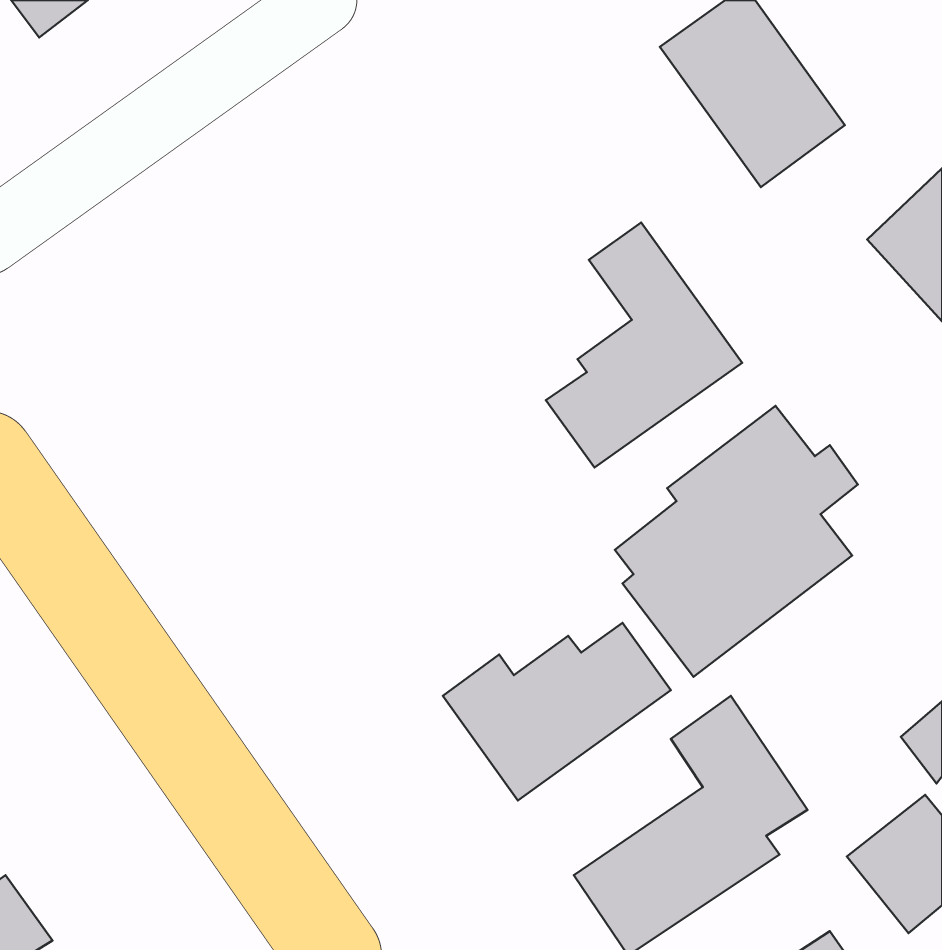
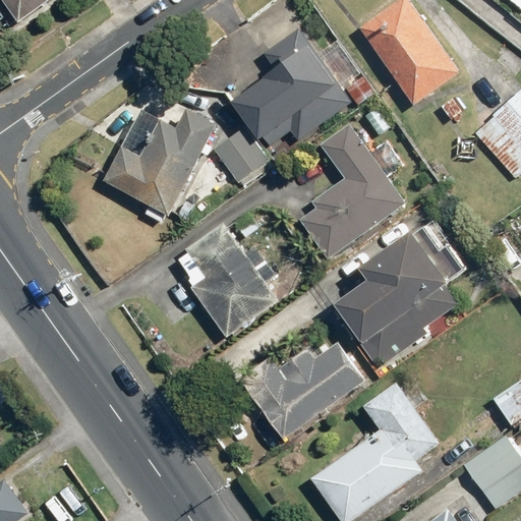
building: none -> [232,24,375,148]
building: none -> [104,95,220,224]
building: none -> [211,125,271,187]
building: none -> [175,222,282,340]

